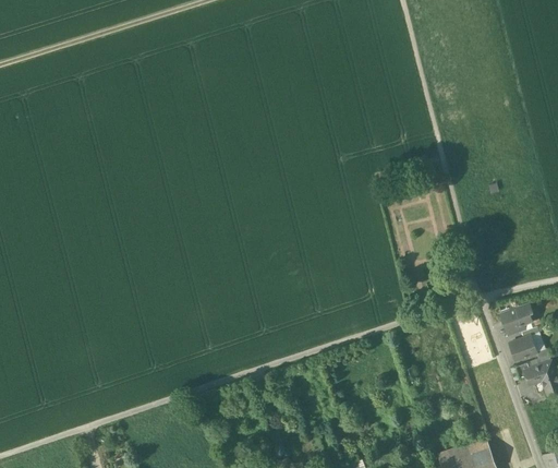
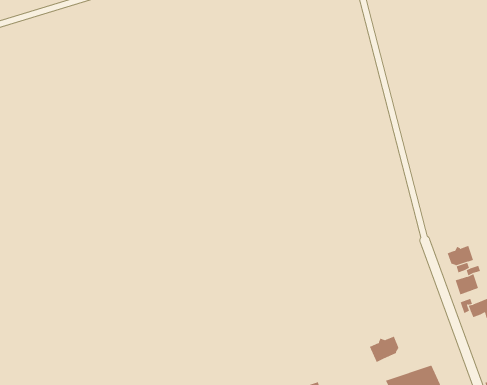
building: none -> [369,336,399,363]

